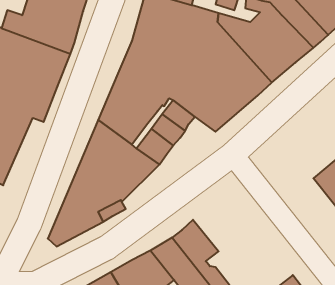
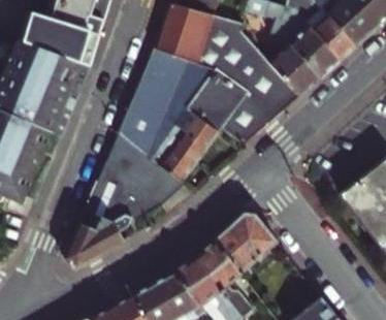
building: none -> [216,217,278,271]

